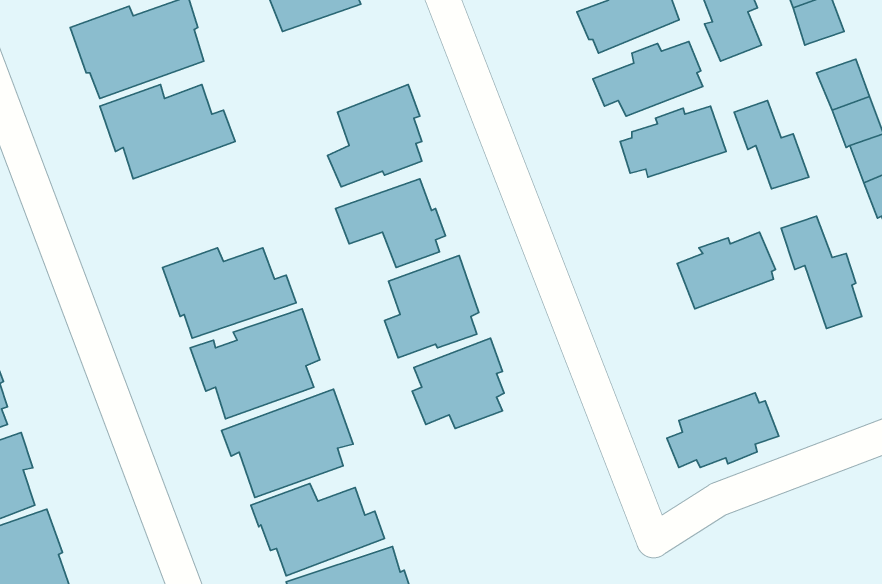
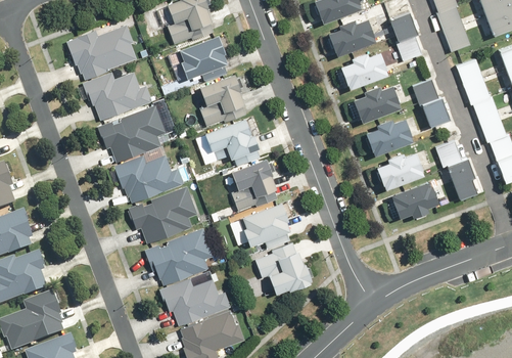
building: none -> [182,33,230,79]
building: none -> [96,105,165,163]
building: none -> [366,115,418,152]
building: [667,393,779,468] -> [386,178,445,217]
building: none -> [252,243,316,296]

